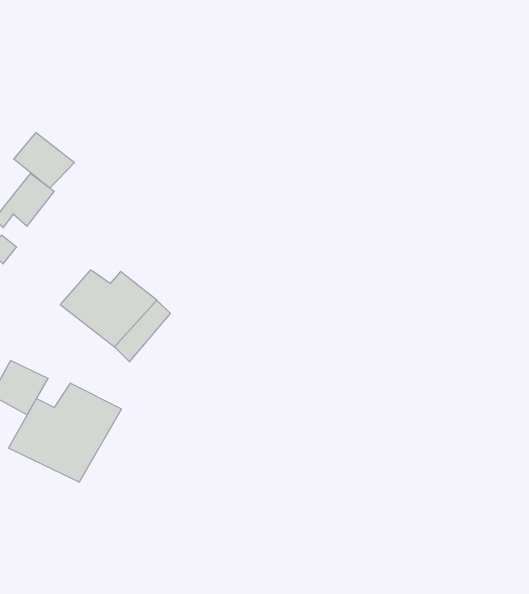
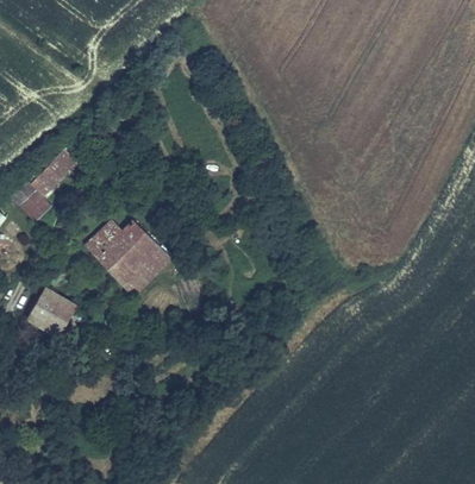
building: [14,133,74,188] -> none
building: [9,383,121,482] -> none

